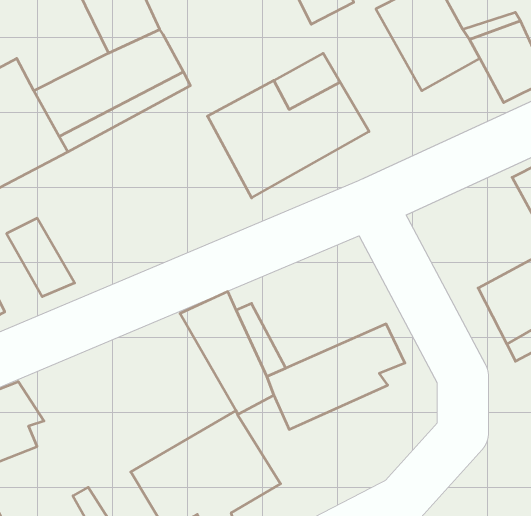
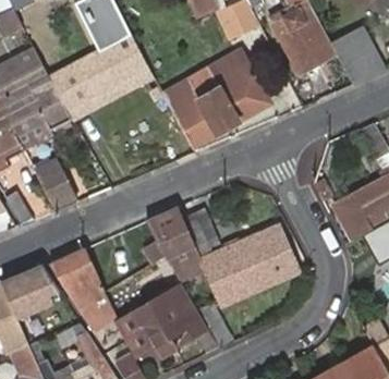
building: none -> [51,248,116,327]

